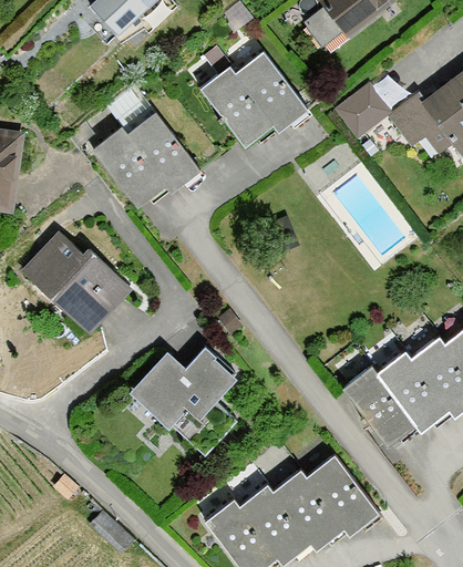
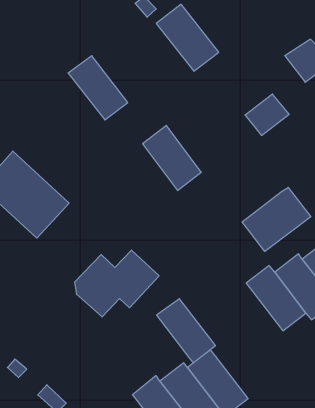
building: [202,70,272,148] -> [143,125,201,190]
building: [336,89,389,138] -> [245,94,289,135]
building: [94,128,166,208] -> none
building: none -> [242,187,311,251]
building: [306,456,377,534] -> [157,299,215,363]

